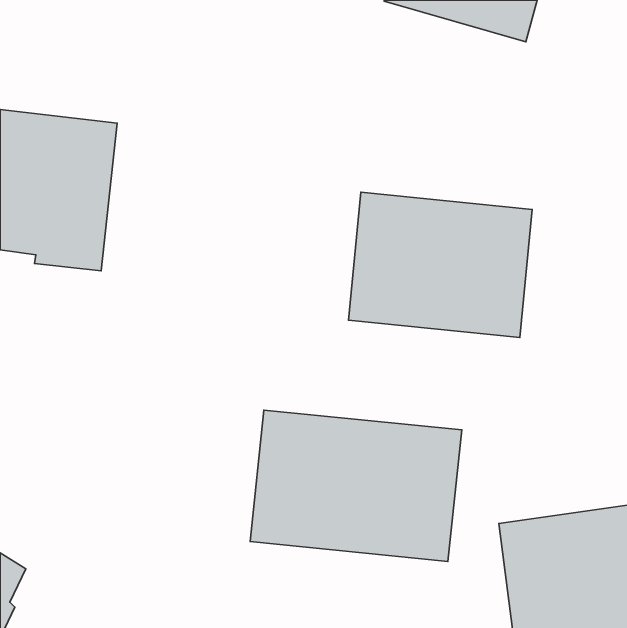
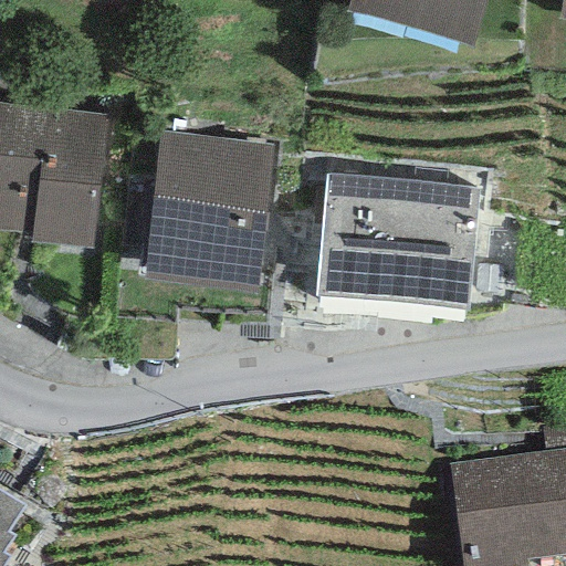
building: none -> [144,130,276,289]
building: [250,410,462,561] -> none

